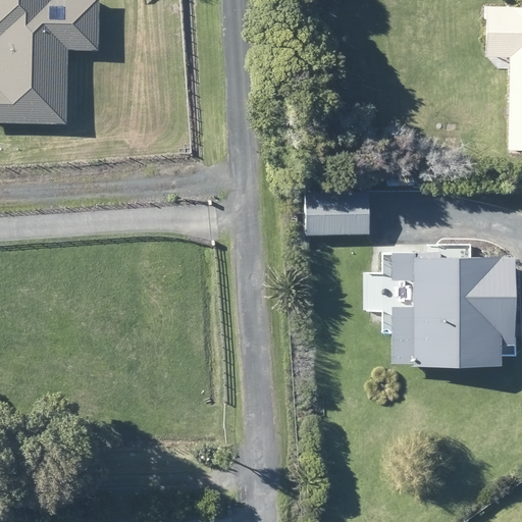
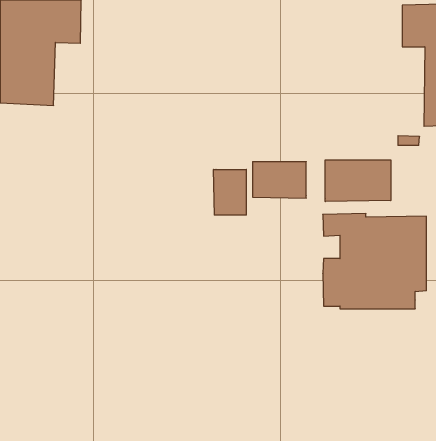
building: none -> [325,160,391,202]
building: none -> [214,169,246,215]

